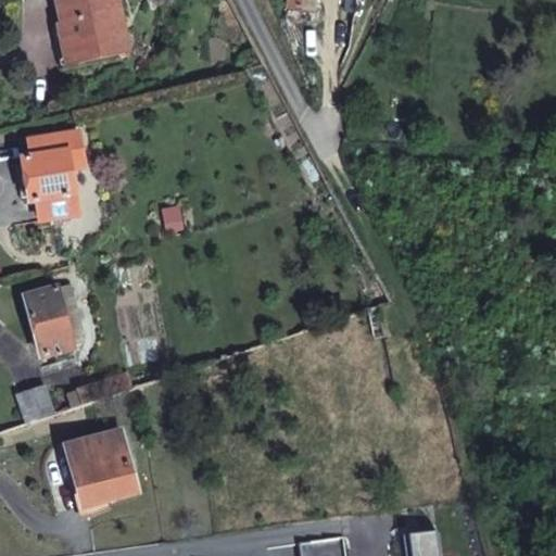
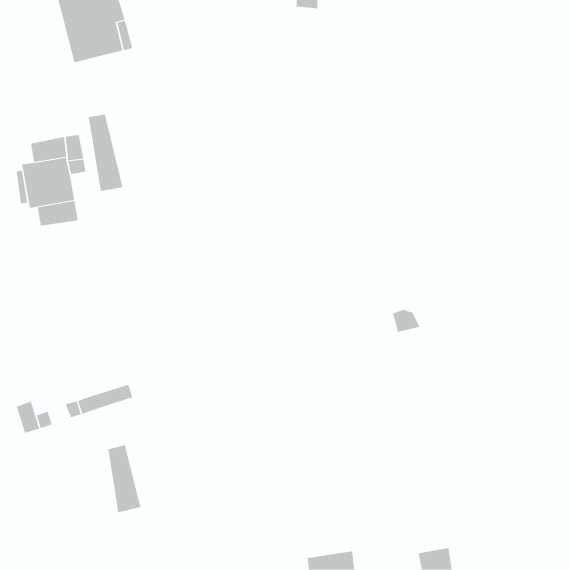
building: none -> [88,114,123,192]
building: [23,288,74,357] -> none
building: [67,435,114,504] -> none

